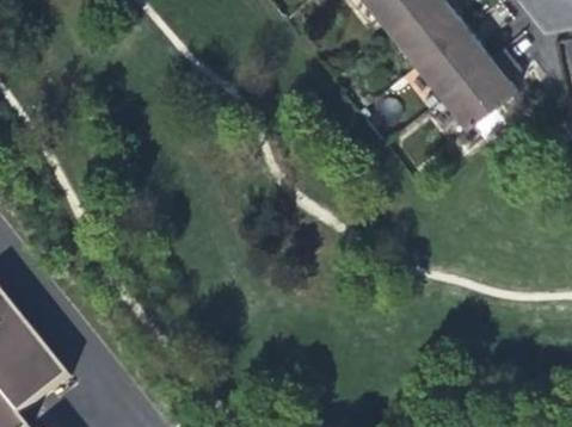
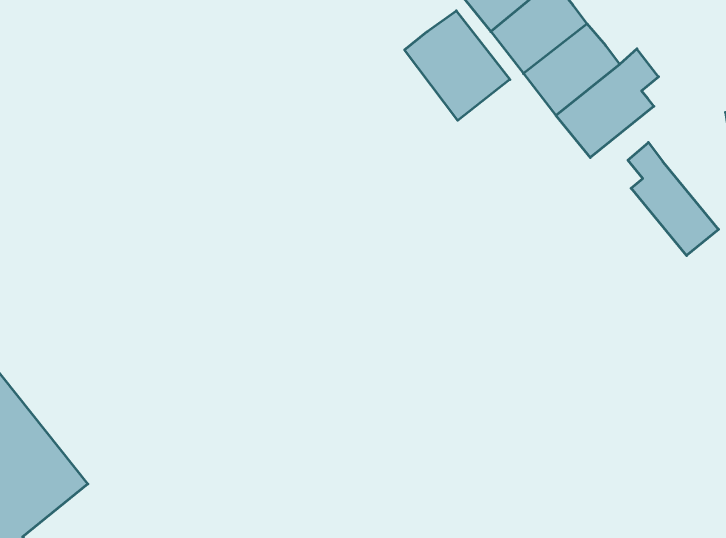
building: none -> [405,11,510,120]
building: none -> [628,142,719,256]

